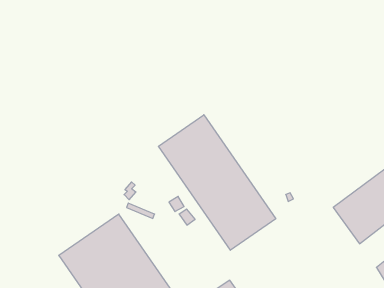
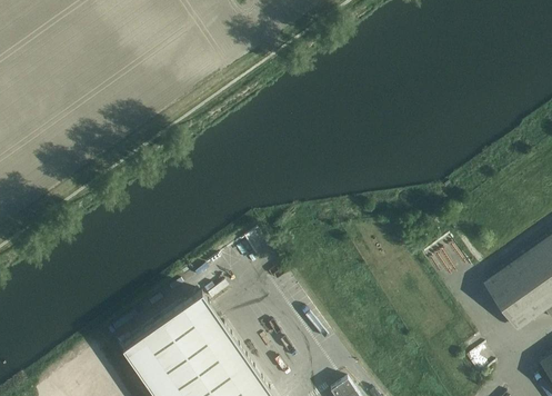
building: [158,115,276,250] -> none

